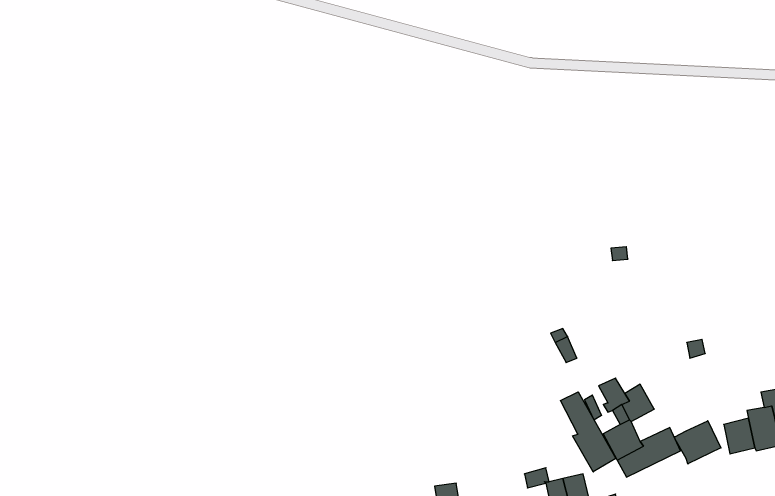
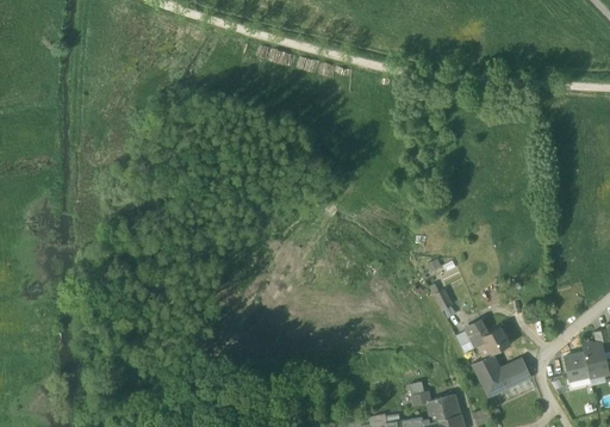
building: [560,392,616,472] -> none
building: [675,421,721,464] -> none

